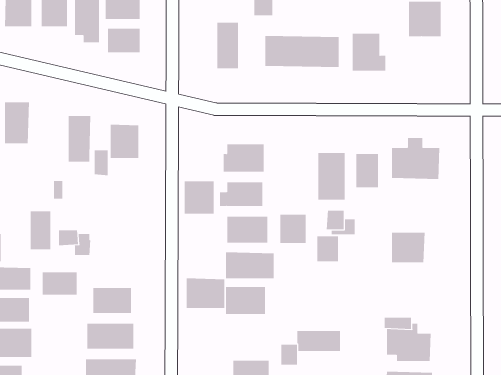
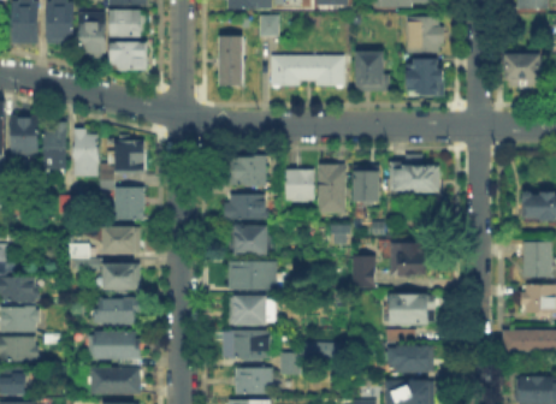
building: none -> [407,59,445,97]
building: none -> [42,125,66,168]
building: [184,181,214,214] -> [116,188,146,220]
building: [30,210,51,250] -> none
building: [279,214,307,244] -> [286,172,313,201]
building: none -> [103,230,141,252]
building: [317,236,339,262] -> [353,260,374,285]
building: [42,272,77,295] -> [105,267,140,290]
building: [186,278,225,309] -> [230,329,268,360]
building: none -> [392,296,430,325]

